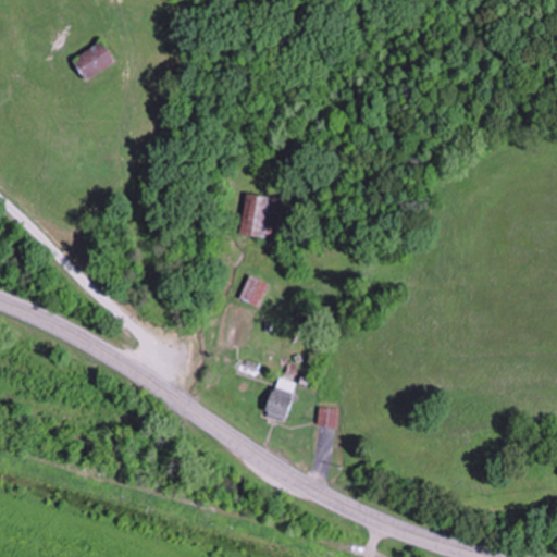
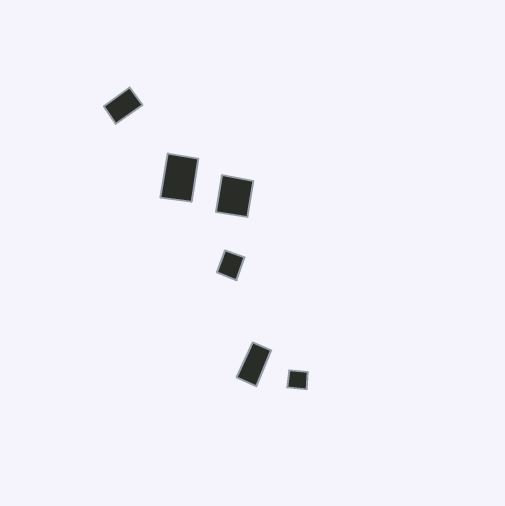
building: [71,40,113,81] -> [104,87,142,124]
building: none -> [161,153,198,202]

